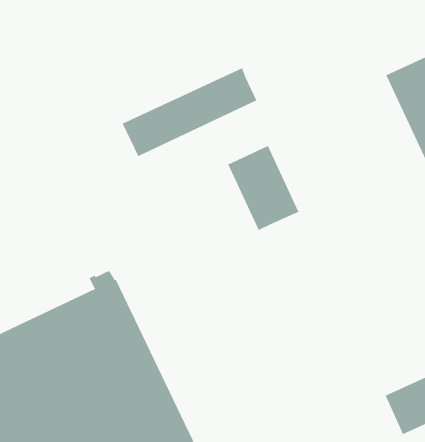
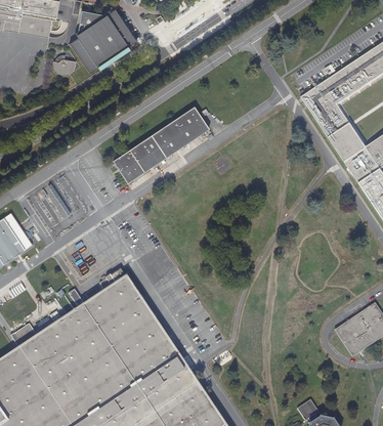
building: [227,145,299,231] -> none

